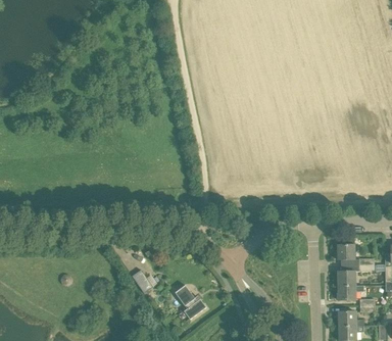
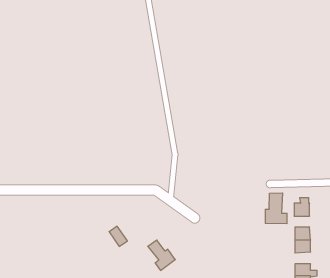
building: none -> [265,193,287,224]

